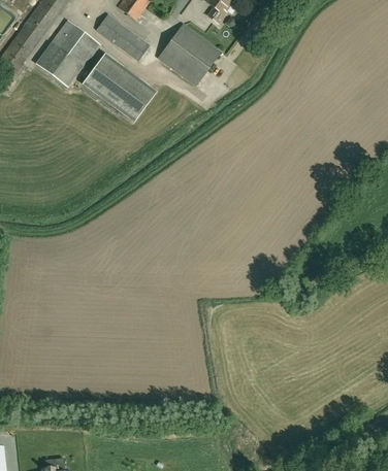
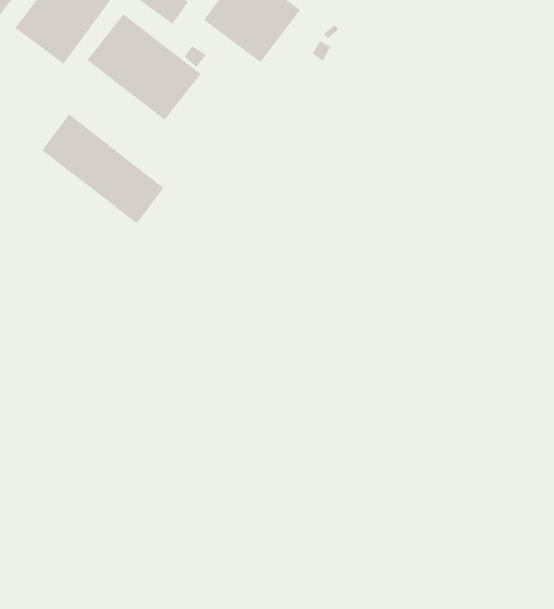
building: none -> [42,114,164,224]

